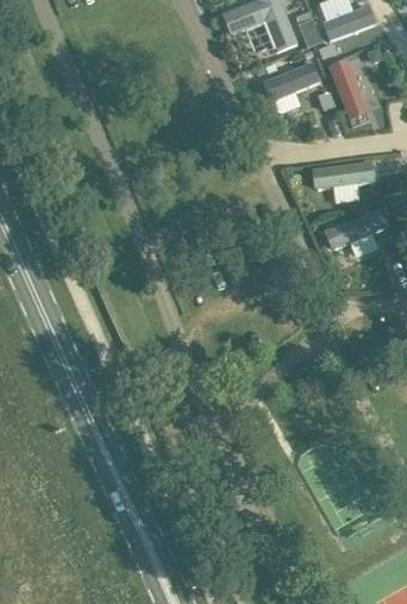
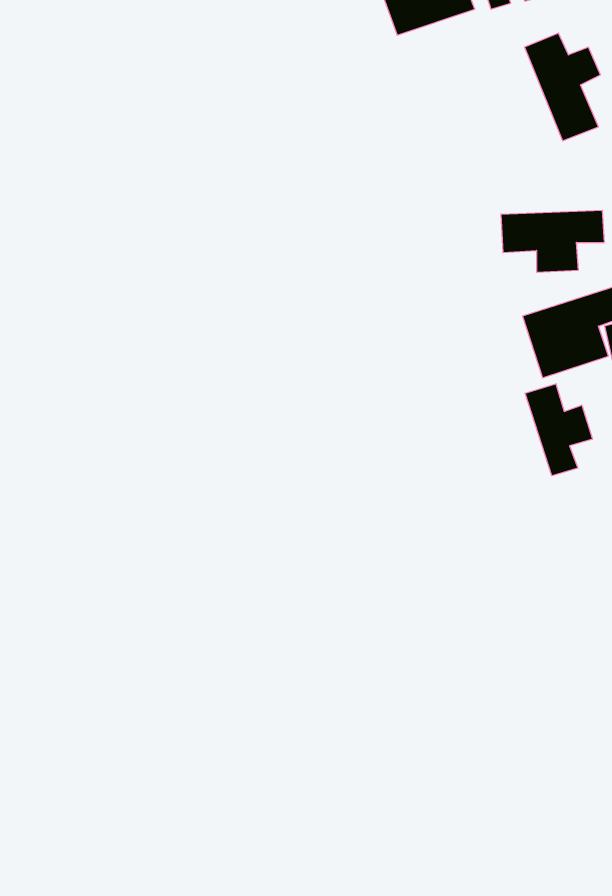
building: [262,61,321,101] -> none
building: none -> [525,384,592,476]

